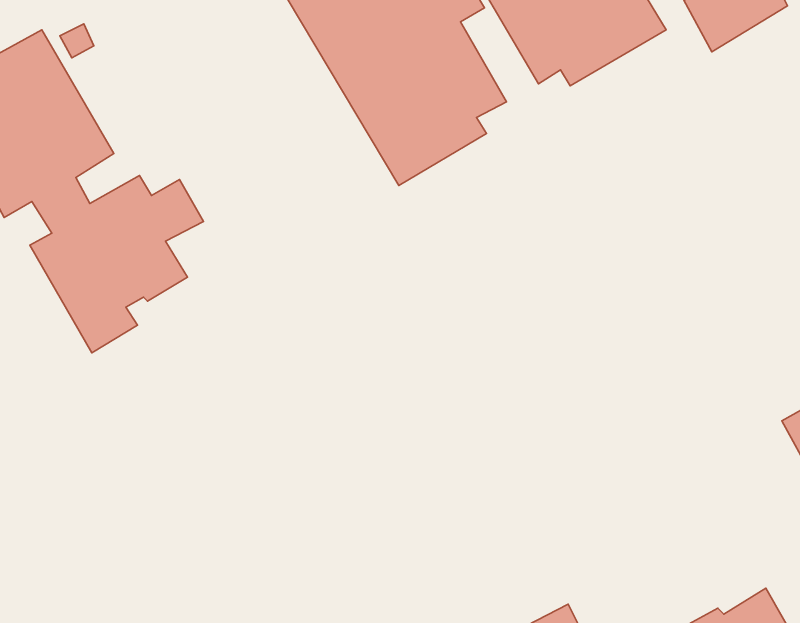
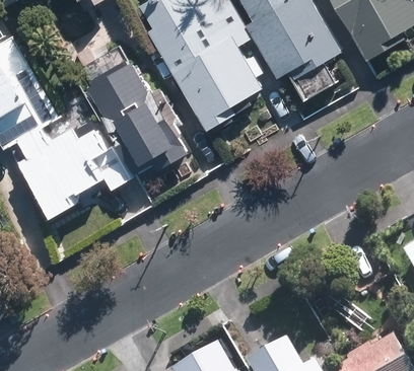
building: none -> [85,58,188,172]

